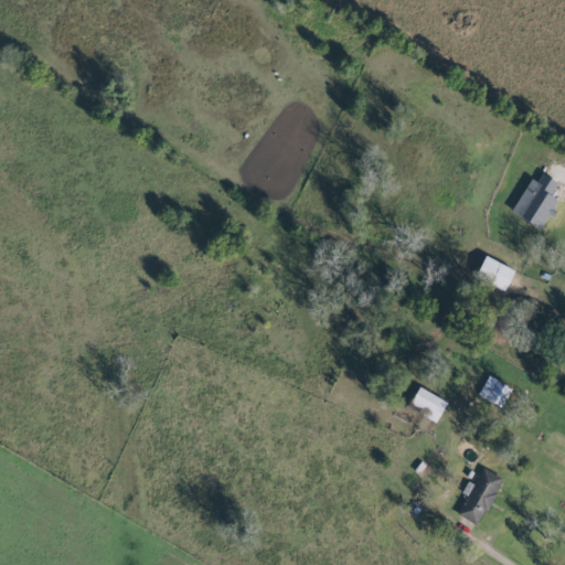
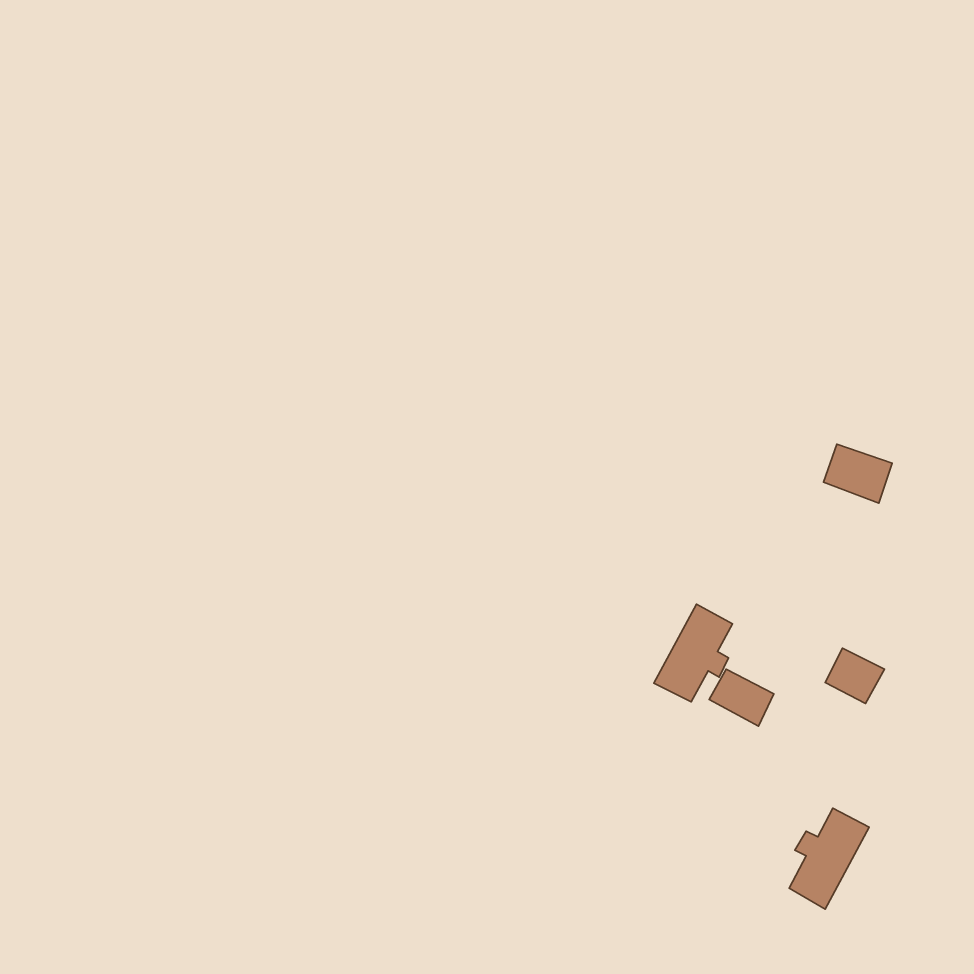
building: [511,173,558,230] -> none
building: none -> [654,604,732,702]

